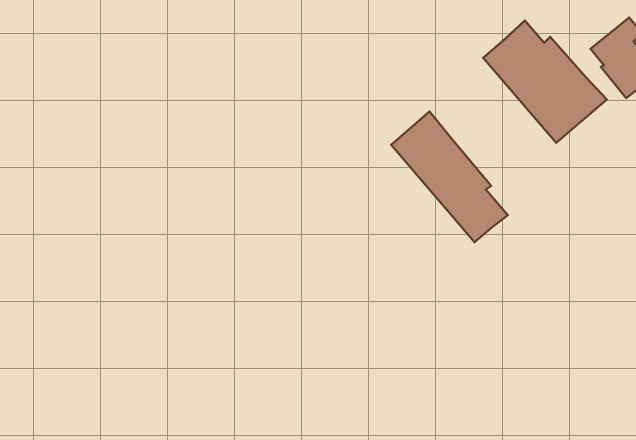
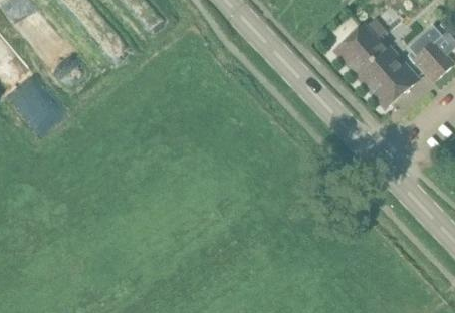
building: [391,111,508,242] -> none

